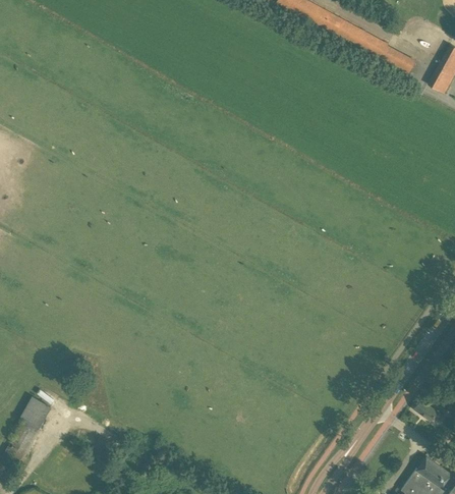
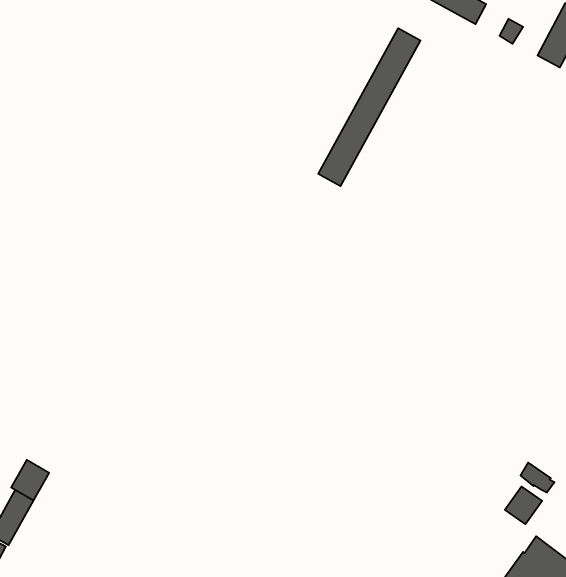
building: none -> [318,28,420,186]
building: none -> [505,486,542,524]

